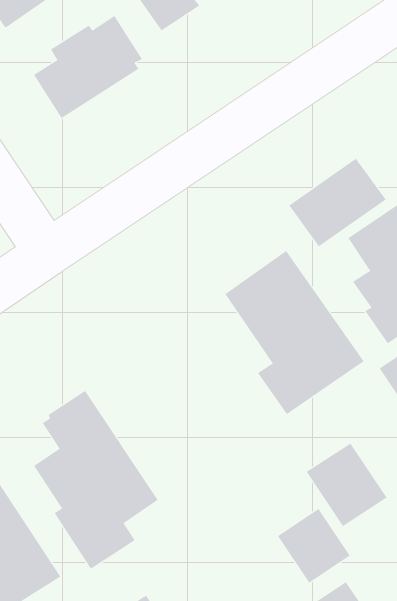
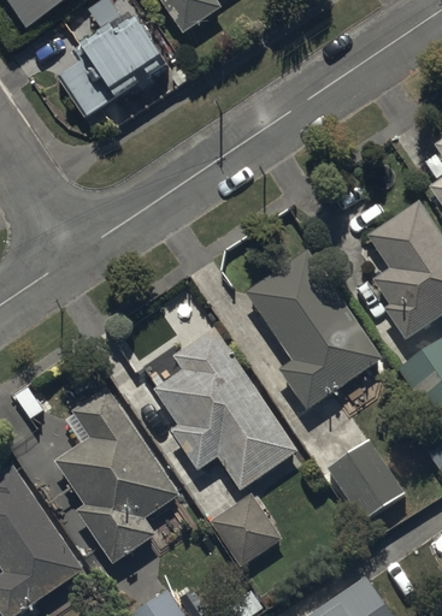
building: [288,158,386,247] -> none
building: none -> [154,325,297,490]
building: [277,508,350,584] -> [208,491,281,565]

